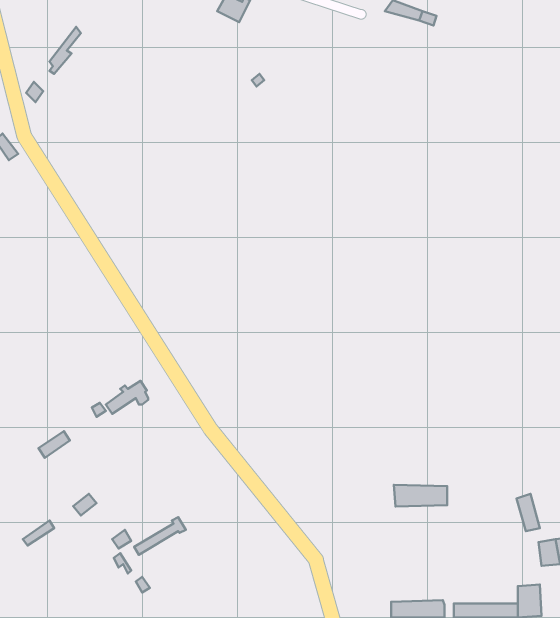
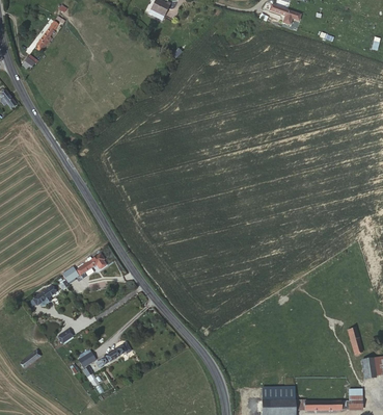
building: [394,485,447,507] -> [263,387,298,401]

